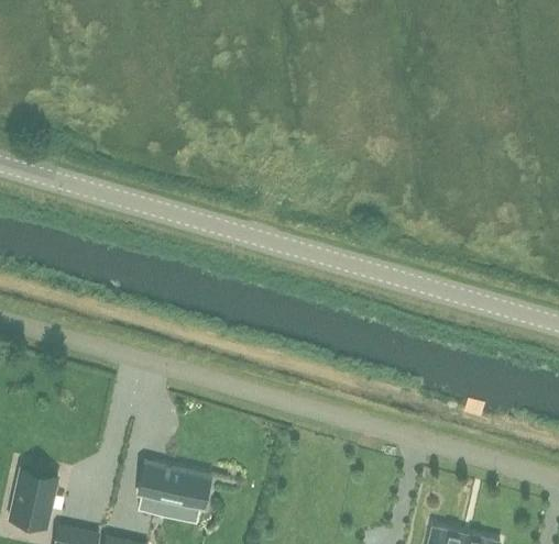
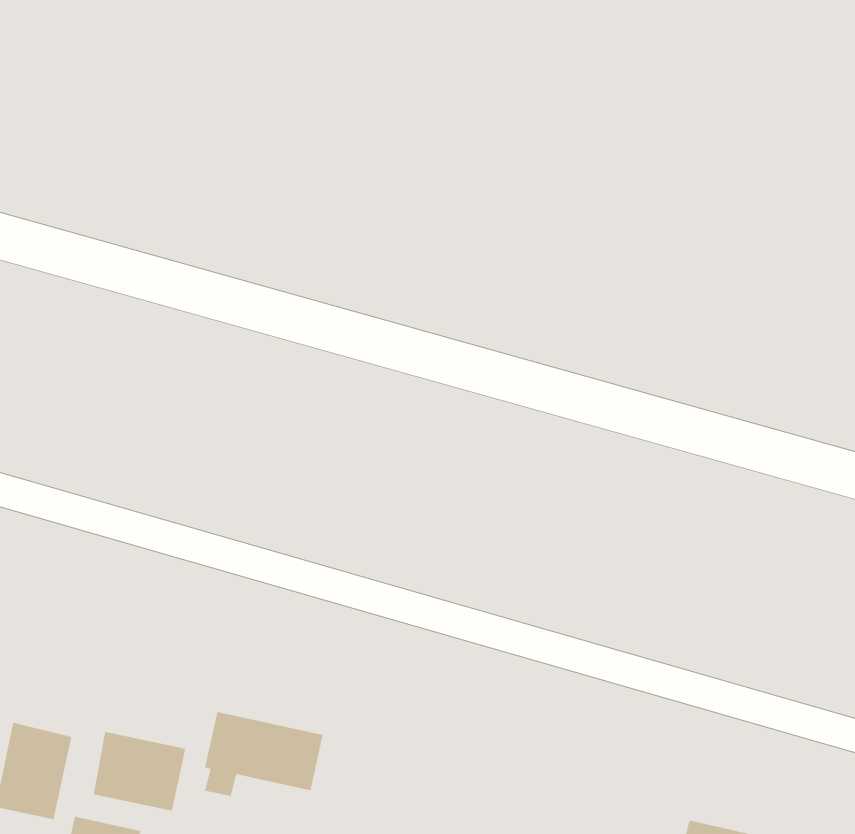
building: none -> [93,731,186,811]

